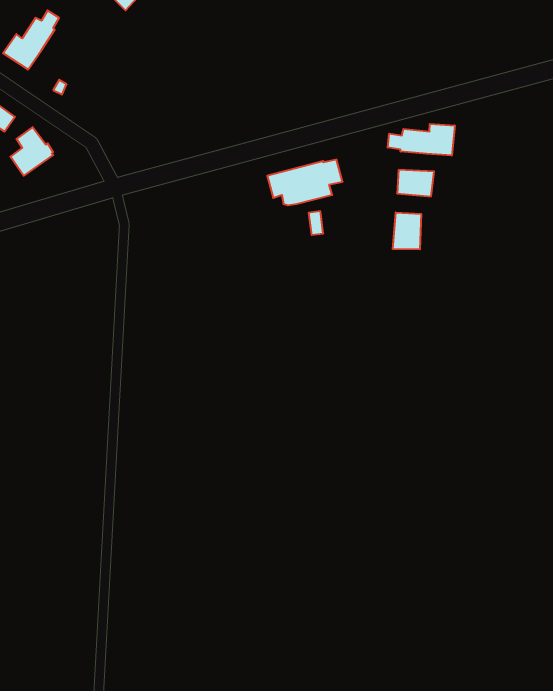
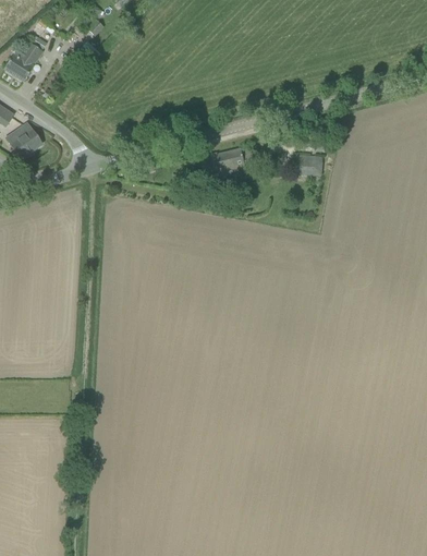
building: [388,124,455,156] -> none
building: [393,212,421,249] -> none

